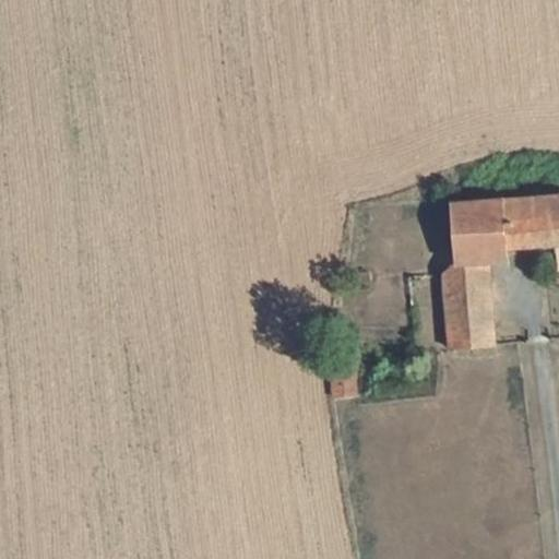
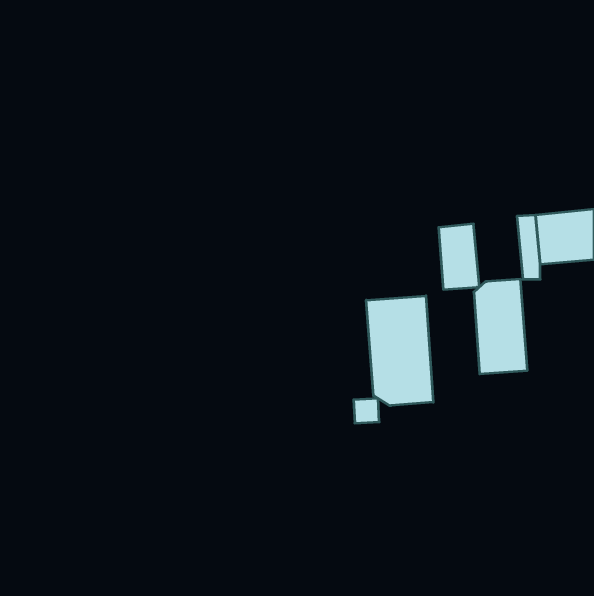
building: [451,202,489,263] -> [439,224,479,289]
building: none -> [366,296,433,406]

